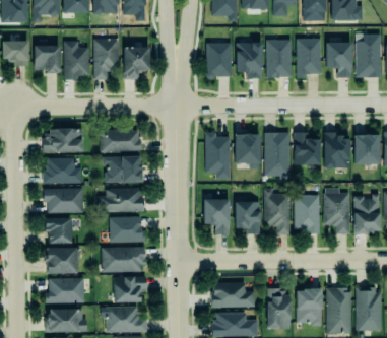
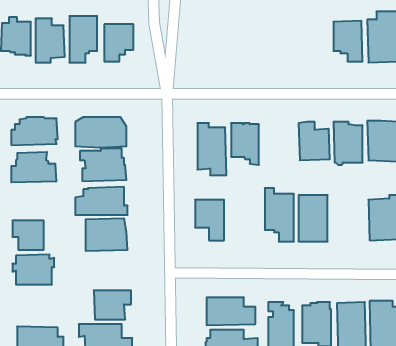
building: [265,40,289,79] -> none
building: [298,40,322,80] -> none
building: [204,43,231,81] -> none
building: [235,44,260,79] -> none
building: [265,132,289,176] -> none
building: [44,188,83,213] -> none
building: [324,188,350,234] -> none
building: [235,201,260,234] -> none
building: [102,247,145,272] -> none
building: [48,279,85,305] -> none

